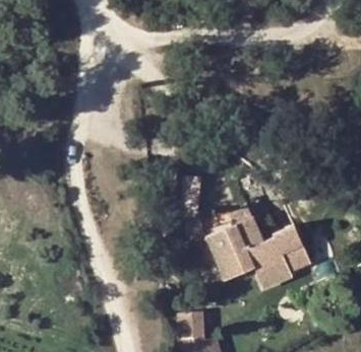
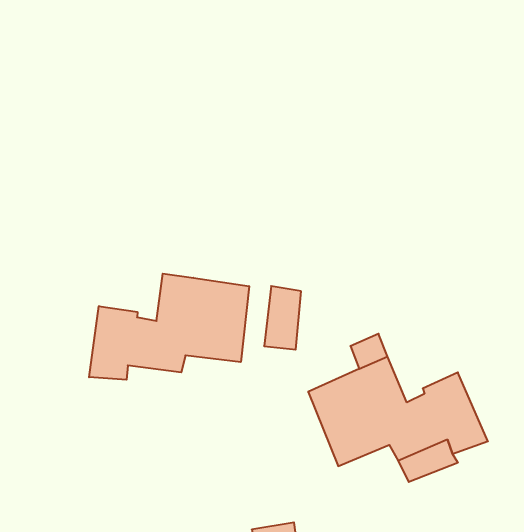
building: none -> [89,274,249,380]

